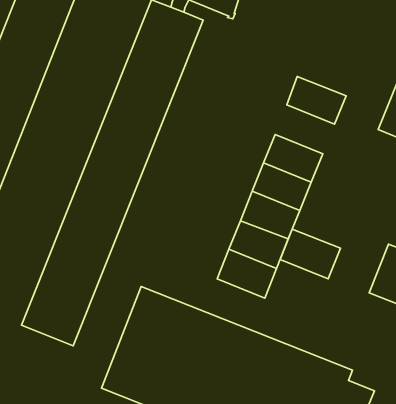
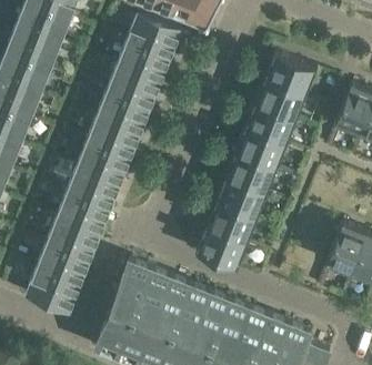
building: none -> [263,52,315,94]
building: none -> [244,102,295,144]
building: [280,229,340,279] -> none

